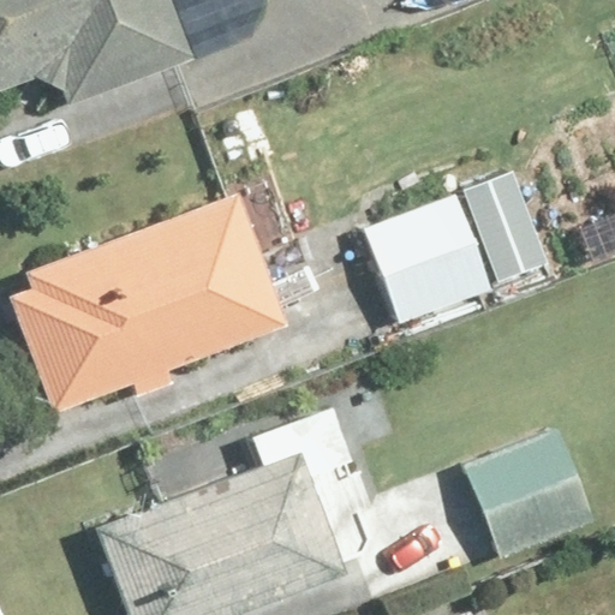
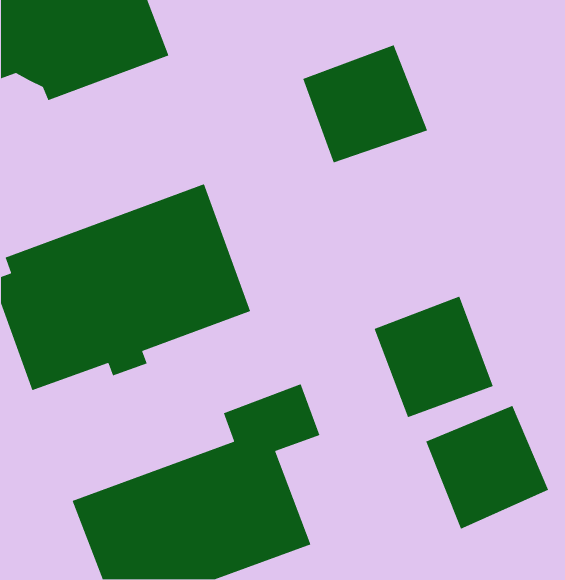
building: none -> [302,44,428,164]
building: [365,193,492,323] -> [373,295,494,418]

